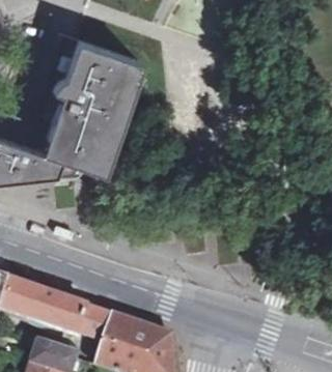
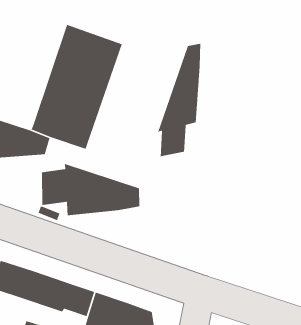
building: none -> [157,43,201,157]
building: none -> [41,163,140,216]

